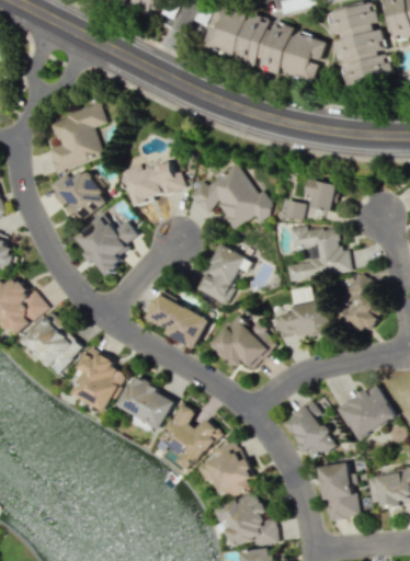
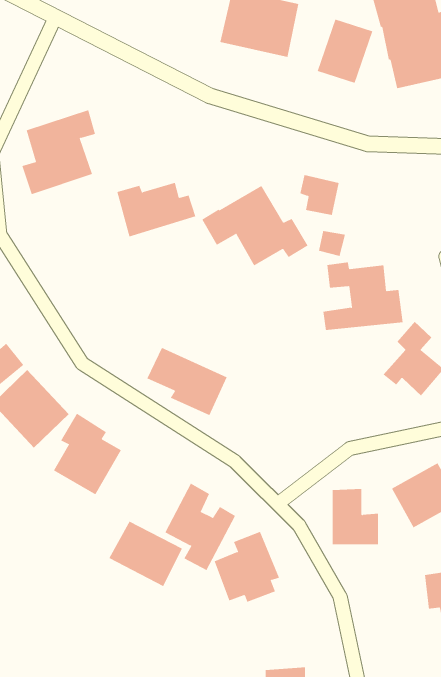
building: [260,21,295,75] -> none
building: [49,164,109,221] -> none
building: [306,178,338,210] -> [300,174,339,216]
building: [75,211,137,276] -> none
building: [195,243,252,304] -> none
building: [274,298,330,336] -> none
building: [210,317,277,369] -> none
building: [117,376,176,428] -> [109,521,183,587]
building: [318,461,361,519] -> none
building: [217,492,277,547] -> none

